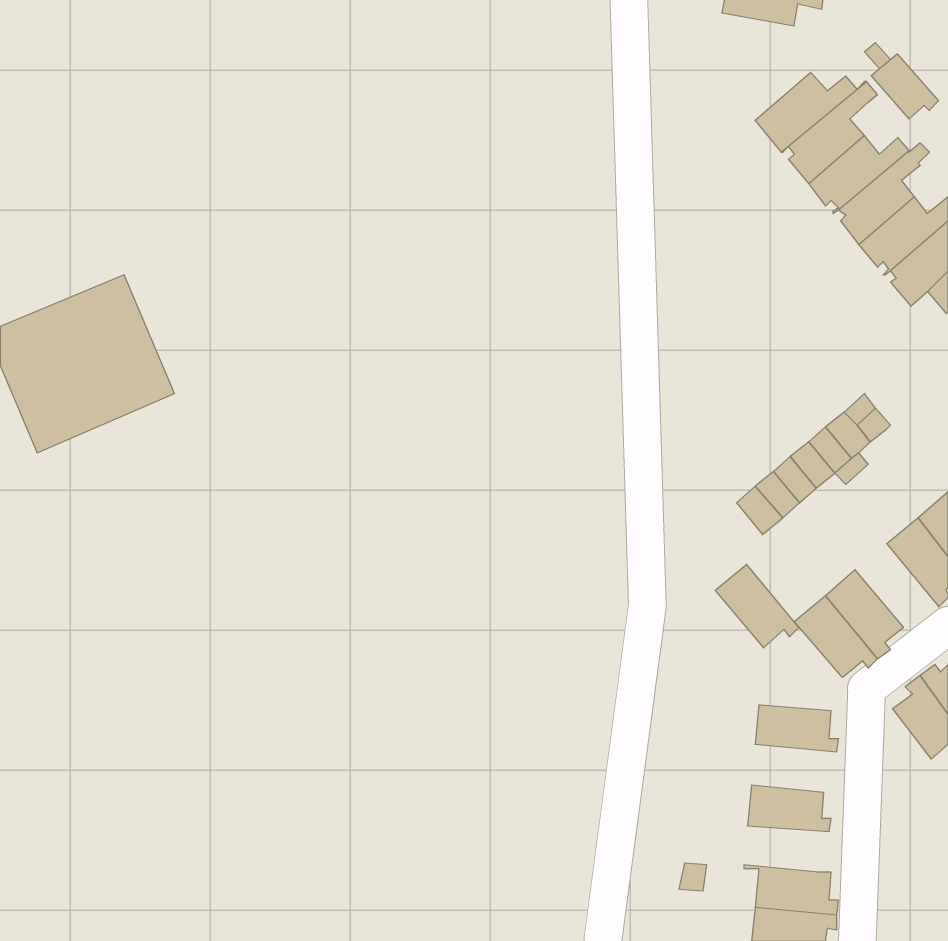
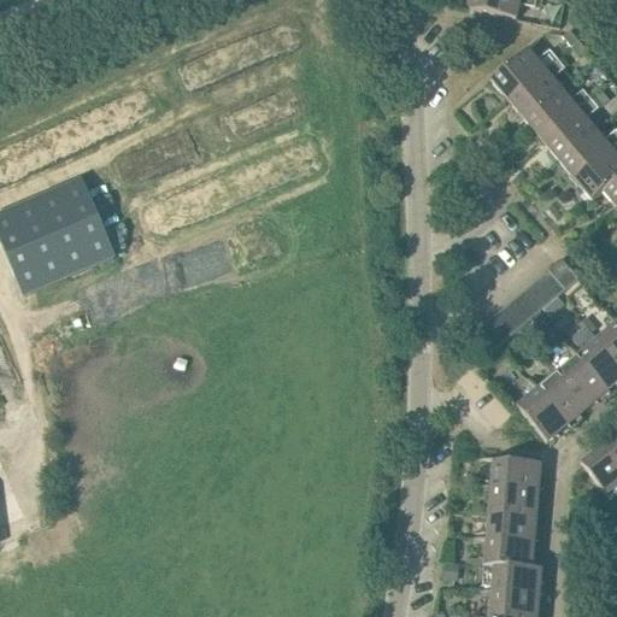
building: [871,54,939,119] -> none
building: [715,564,799,648] -> [556,353,610,407]
building: none -> [488,483,543,515]
building: none -> [483,536,539,566]

